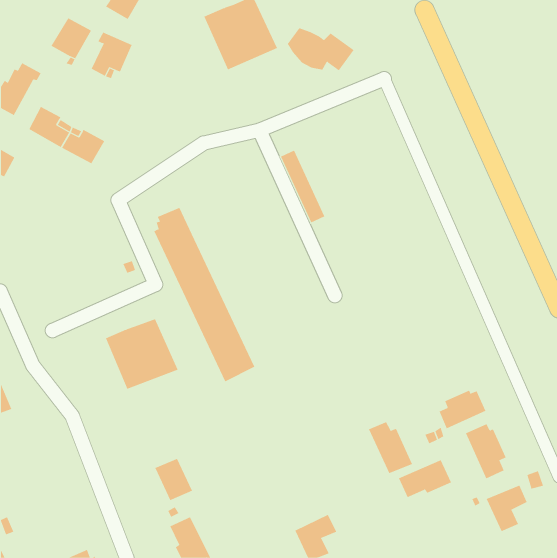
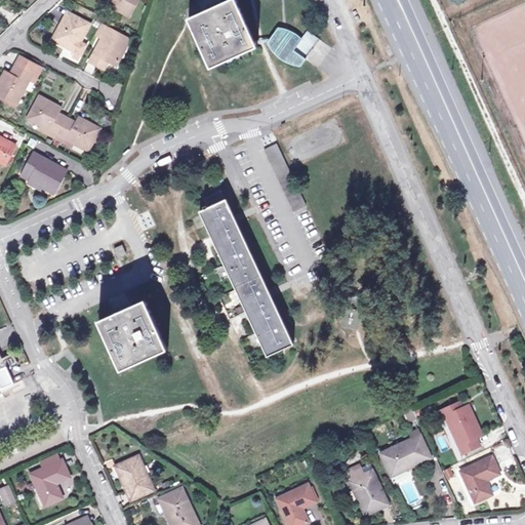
building: none -> [25,157,63,195]
building: [154,207,255,382] -> [197,191,292,355]
building: [439,390,486,429] -> none
building: [368,421,413,474] -> [341,461,383,511]
building: [155,458,193,501] -> [114,456,150,496]
building: none -> [30,452,67,502]

